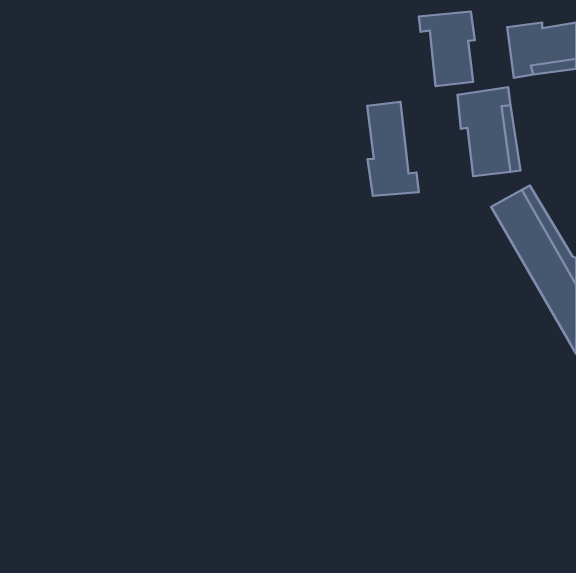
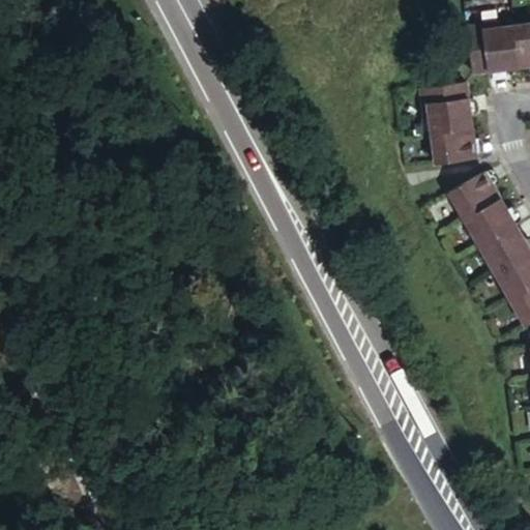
building: [419,12,475,86] -> none
building: [367,102,419,196] -> none

